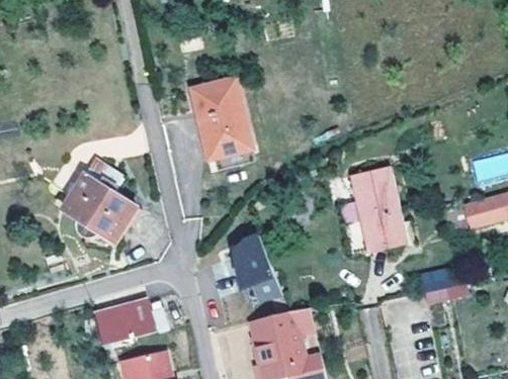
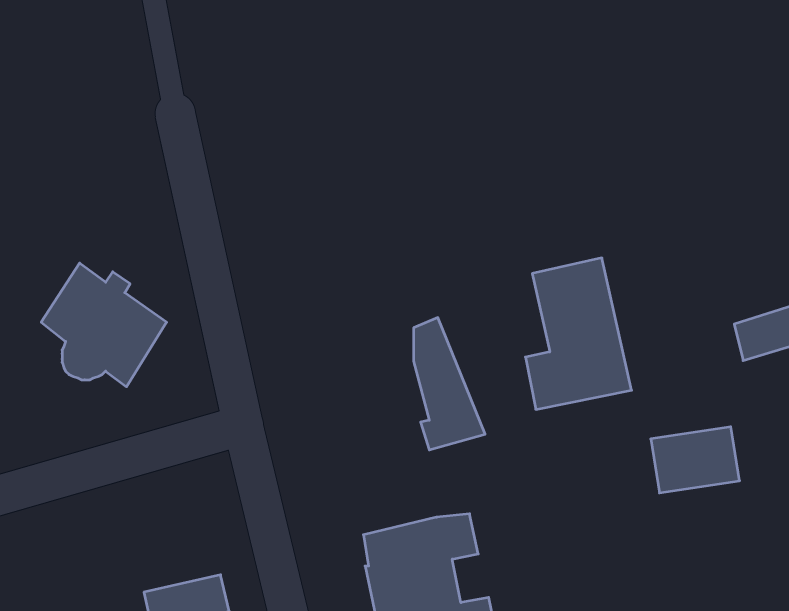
building: [190,78,249,156] -> none
building: [246,232,287,309] -> [414,318,485,450]
building: [93,301,155,347] -> none

